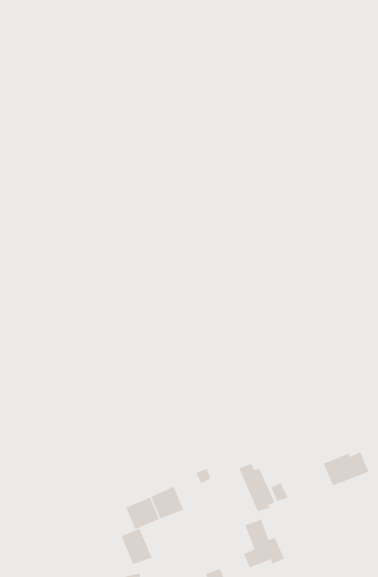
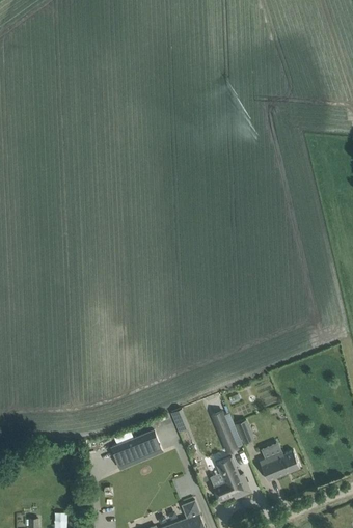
building: [323,452,369,486] -> [259,450,299,480]
building: [121,528,153,565] -> none

